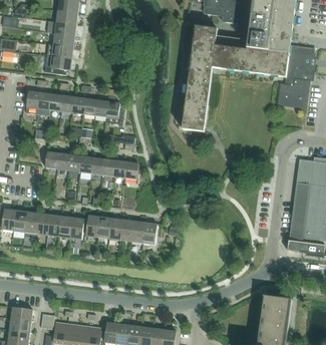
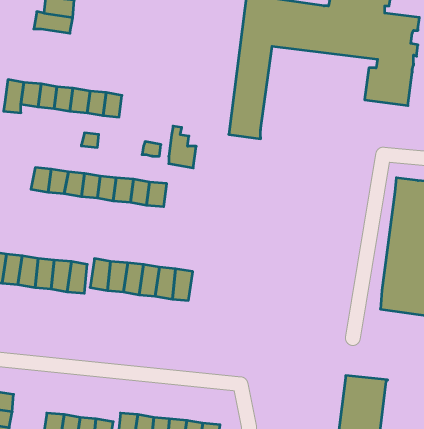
building: [44,55,71,74] -> none
building: [105,95,124,124] -> [169,126,196,168]

